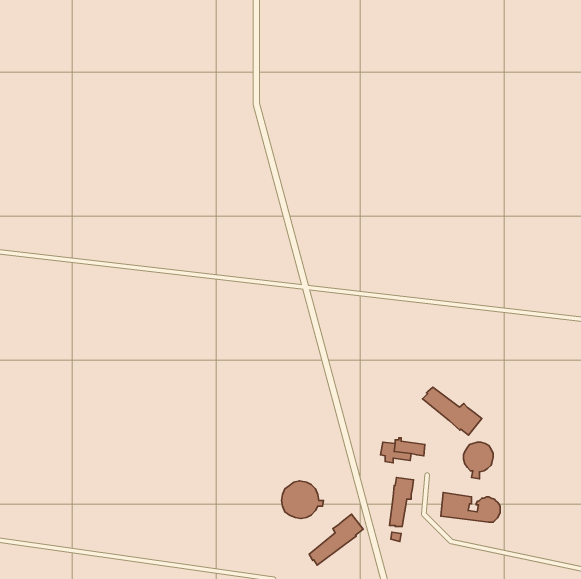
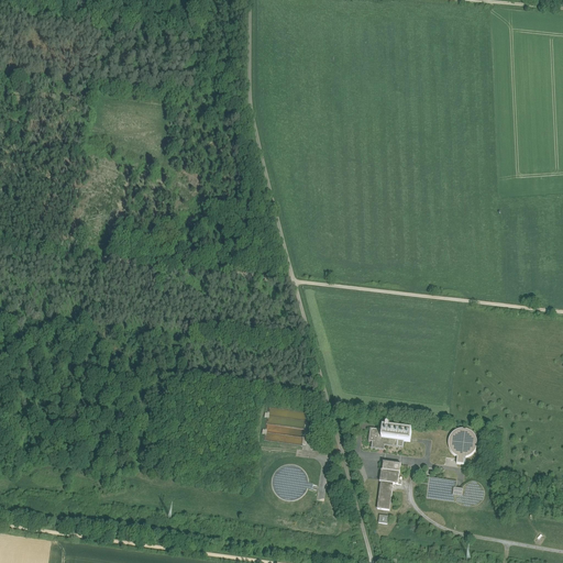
building: [422,387,482,435] -> none
building: [309,514,363,565] -> none

